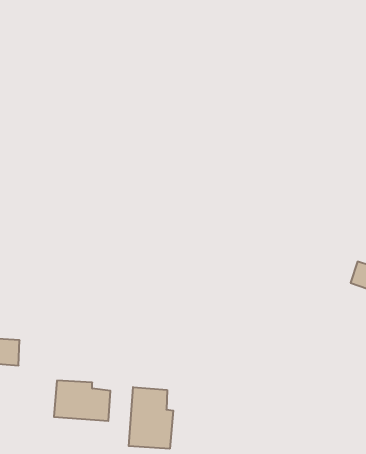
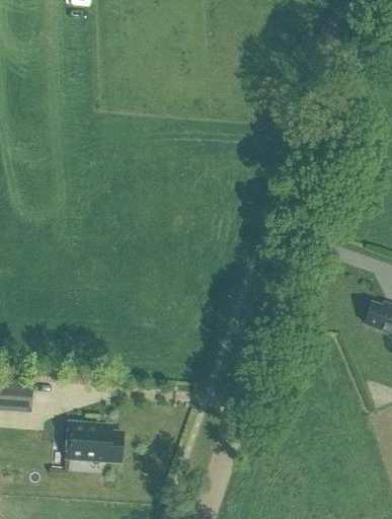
building: [129,387,173,449] -> none

